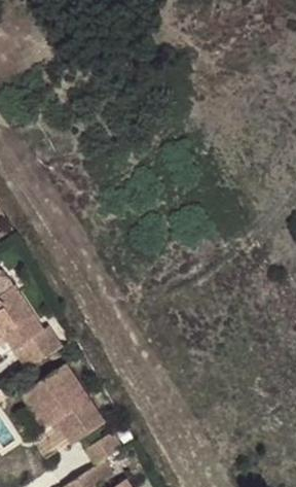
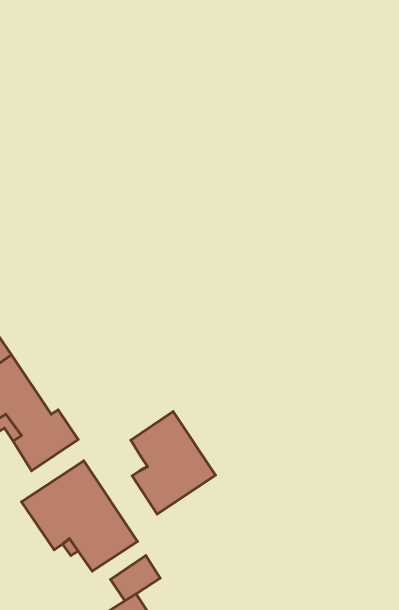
building: none -> [131,411,216,514]

